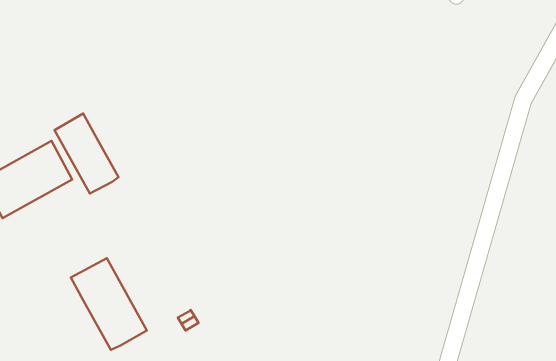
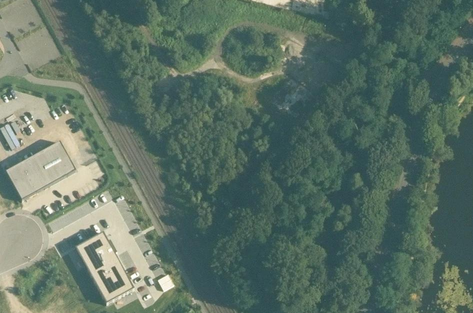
building: [55,114,119,194] -> none

